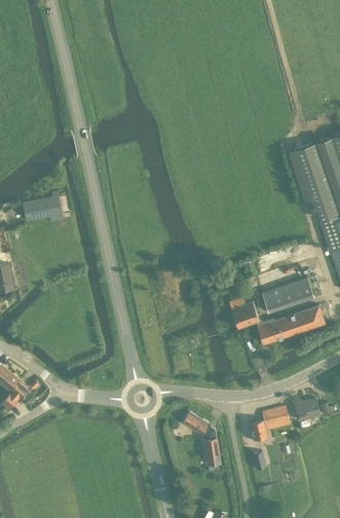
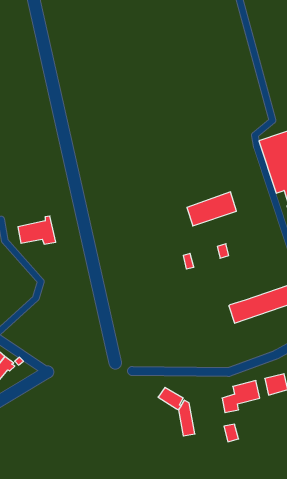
building: [23,192,63,222] -> [18,216,56,244]
building: [261,277,313,313] -> [187,192,236,226]
building: [228,297,273,328] -> none

